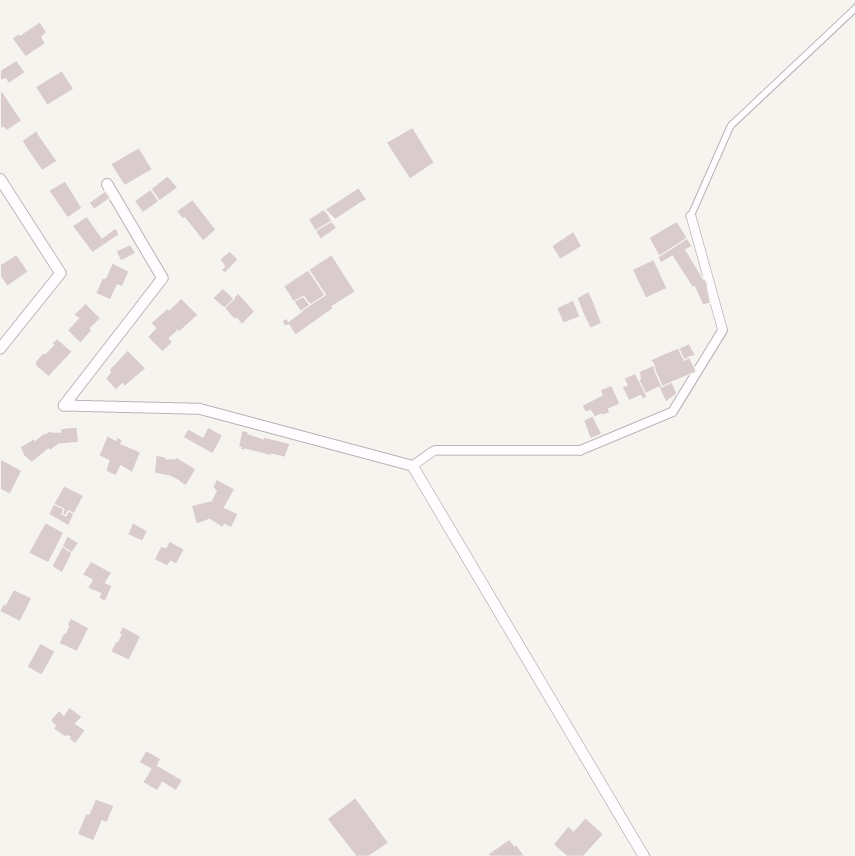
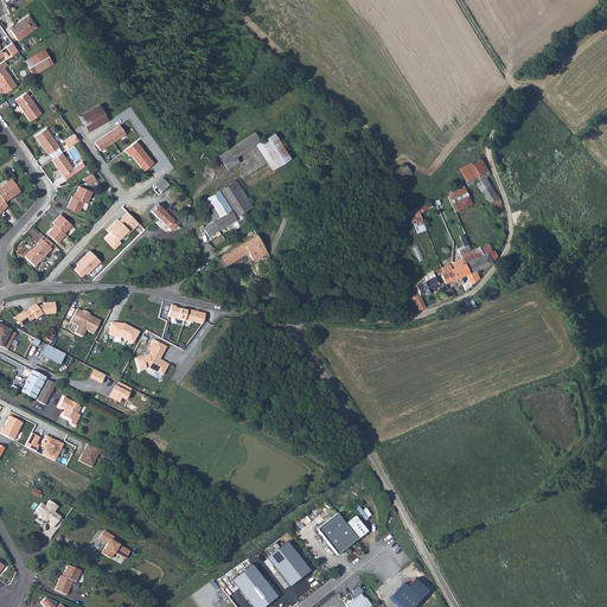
building: [386,127,435,179] -> [256,133,290,170]
building: none -> [219,234,266,268]
building: none -> [318,515,368,555]
building: none -> [268,543,311,588]

